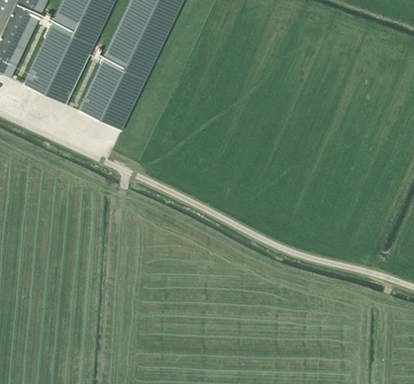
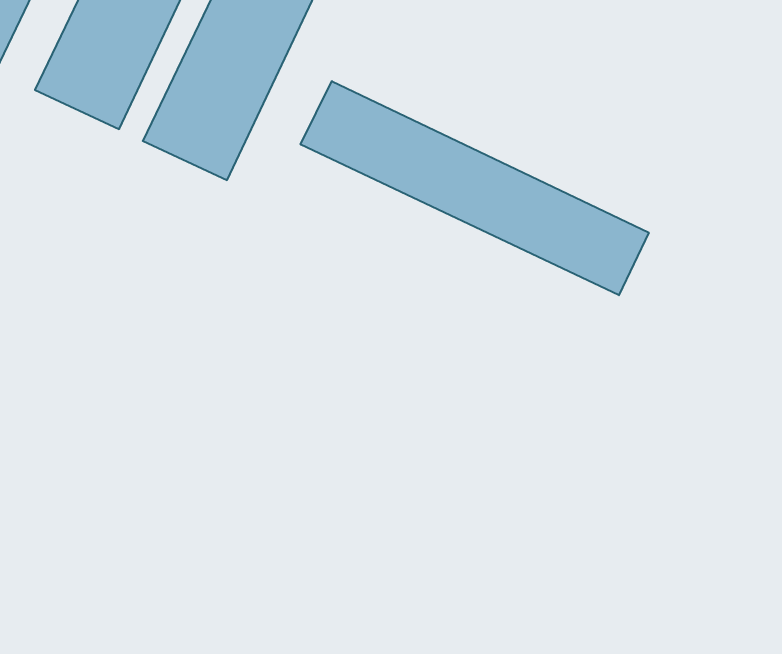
building: none -> [301,81,649,295]

